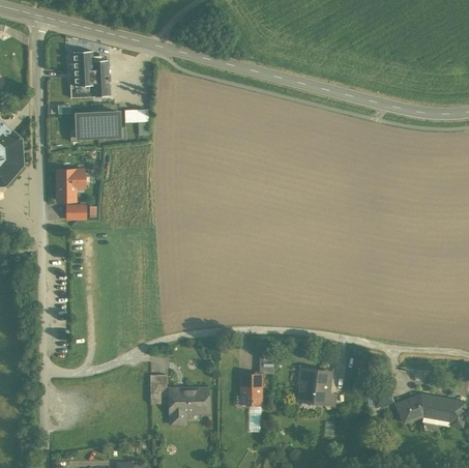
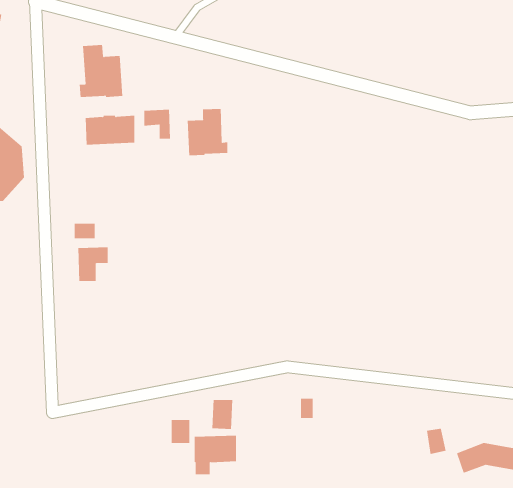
building: none -> [187,108,228,156]
building: [57,170,84,200] -> [77,247,108,281]
building: [298,370,328,402] -> none
building: [241,376,260,402] -> [212,400,233,430]

